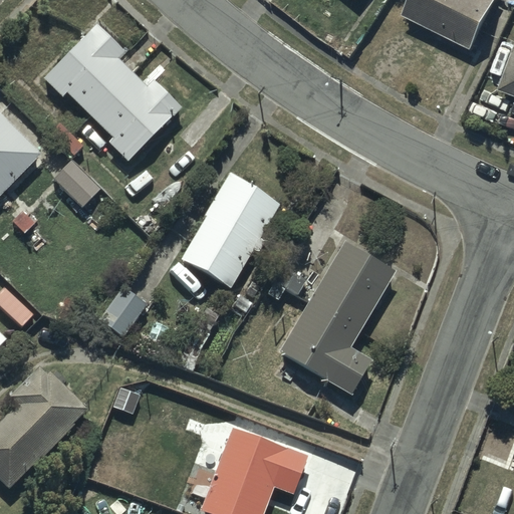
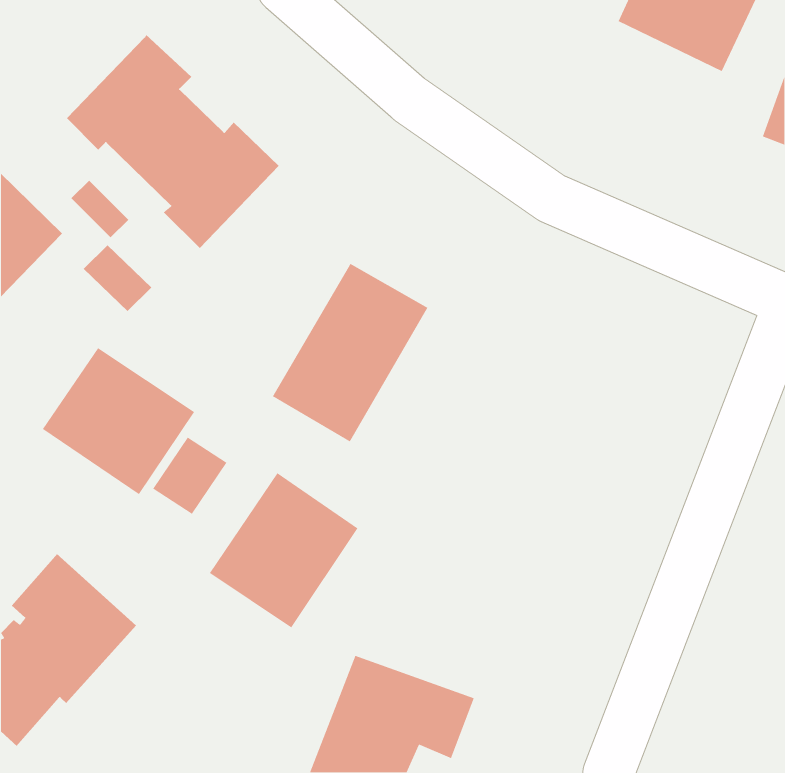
building: none -> [42,347,195,495]
building: [278,241,396,398] -> none
building: none -> [209,472,359,629]

